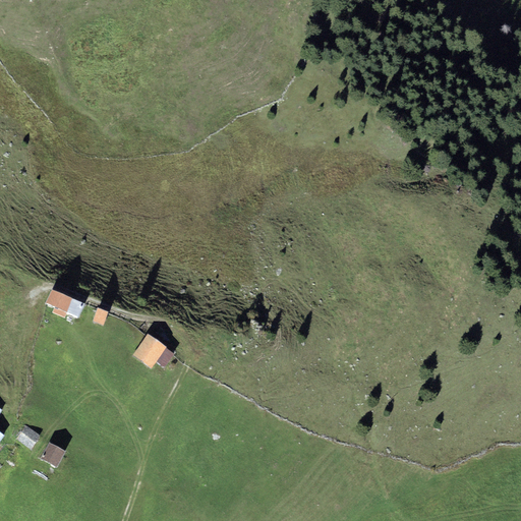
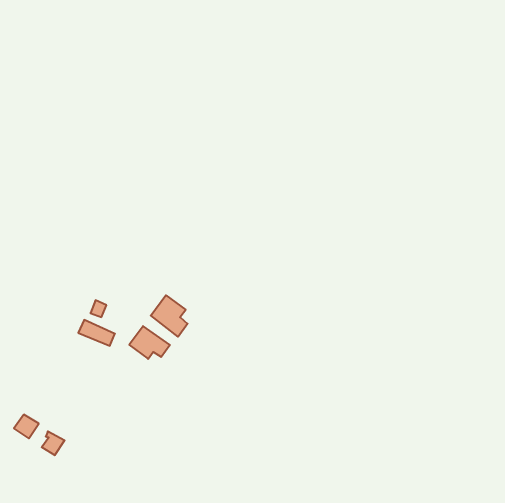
building: [45,289,82,315] -> [78,320,115,346]
building: none -> [151,295,188,337]

